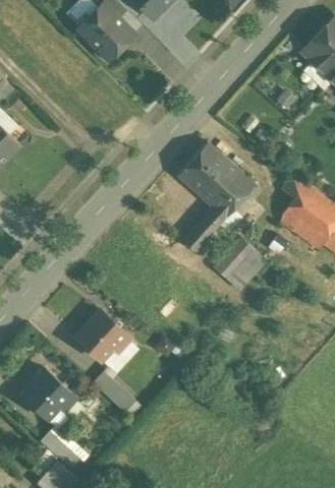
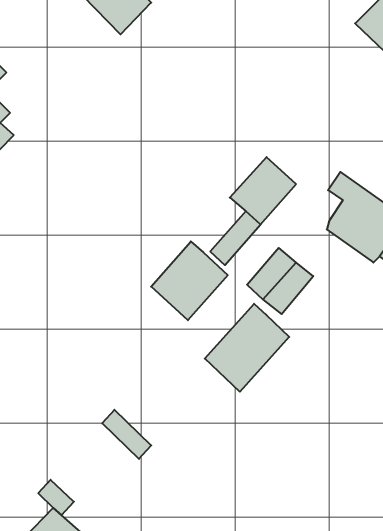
building: [176,141,229,195] -> none
building: none -> [151,241,228,320]
building: none -> [205,304,289,392]
building: [74,310,129,360] -> none
building: [20,369,75,418] -> none

